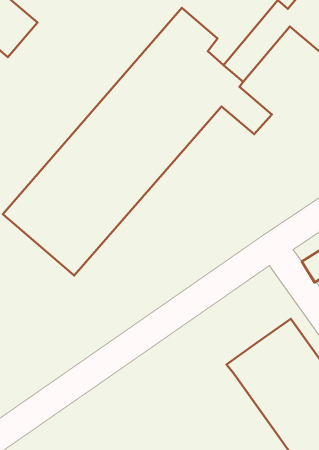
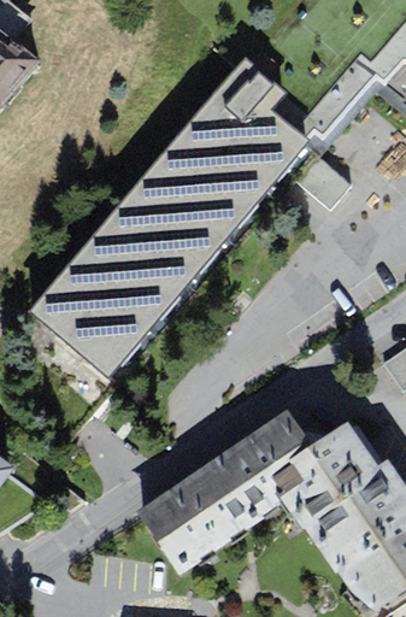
building: none -> [141,411,329,576]

